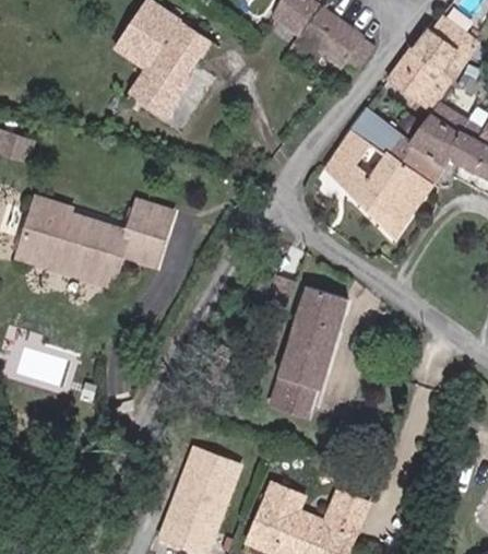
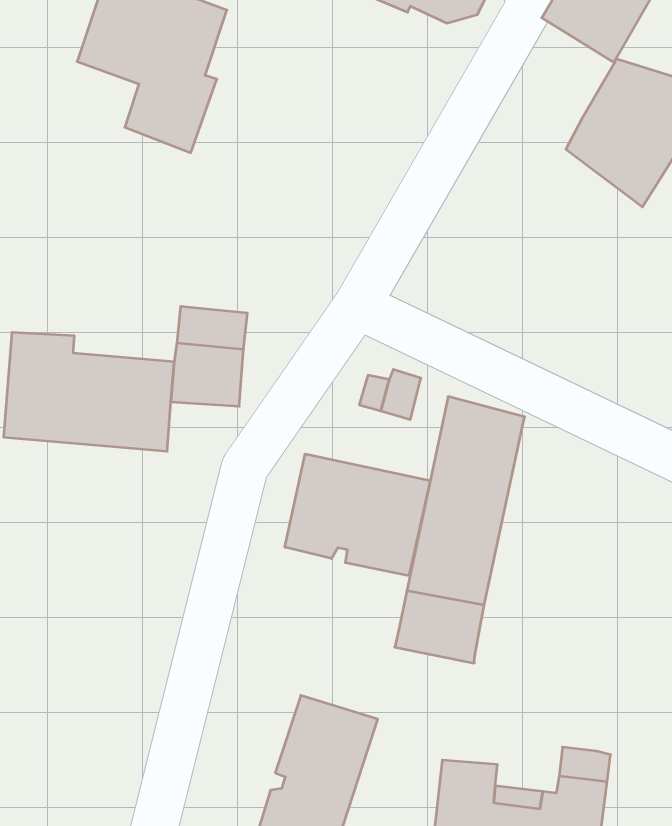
building: [329,102,435,237] -> none
building: none -> [285,454,430,576]

